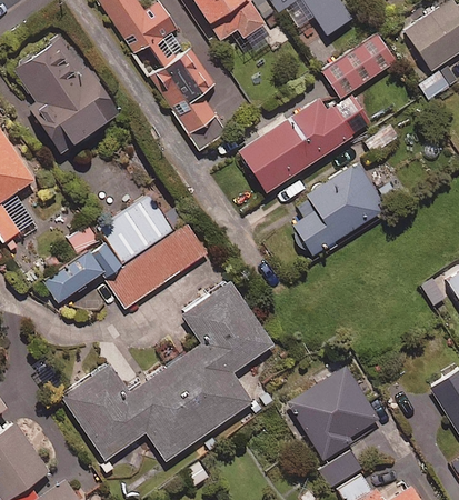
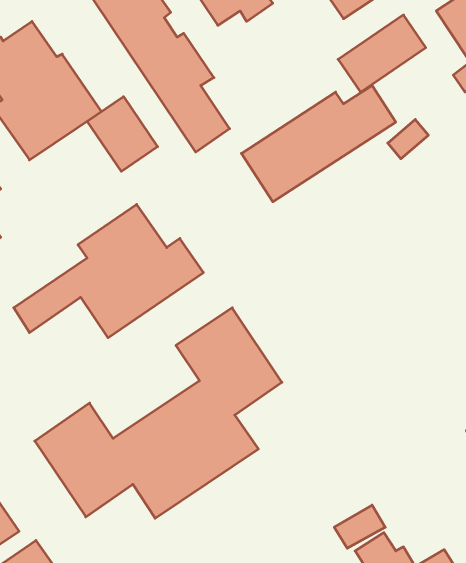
building: none -> [87,97,158,171]
building: [292,163,386,254] -> none
building: [286,366,379,461] -> none

